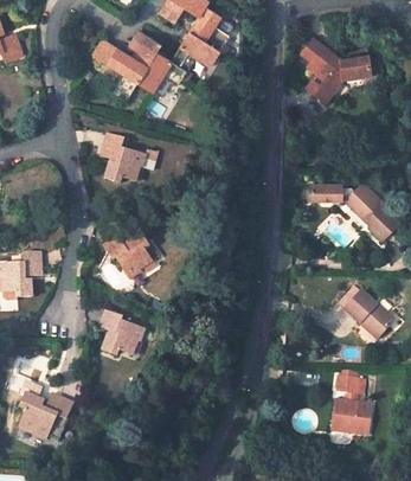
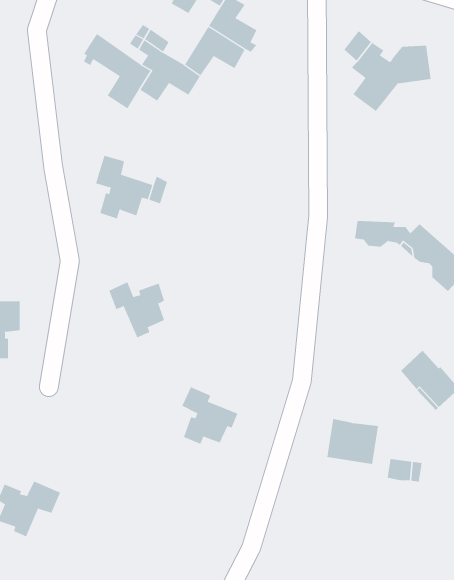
building: [97,308,142,354] -> [182,387,238,445]
building: [327,399,368,436] -> [327,418,379,465]

